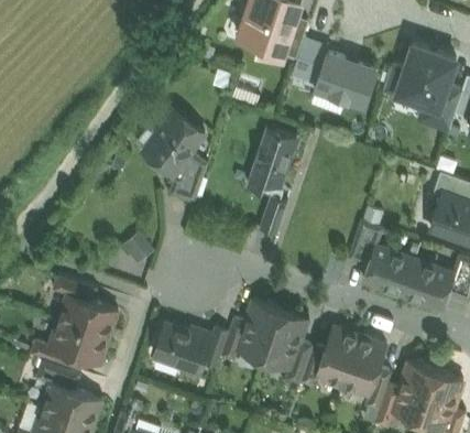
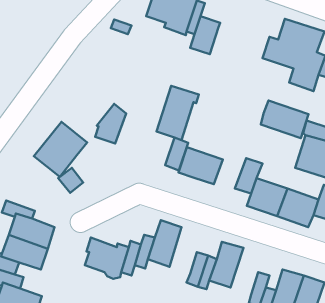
building: [314,53,379,109] -> none
building: [139,108,207,178] -> [34,122,87,177]
building: none -> [261,101,308,138]
building: none -> [178,147,223,184]
building: [264,308,307,368] -> none
building: [342,335,385,394] -> none

